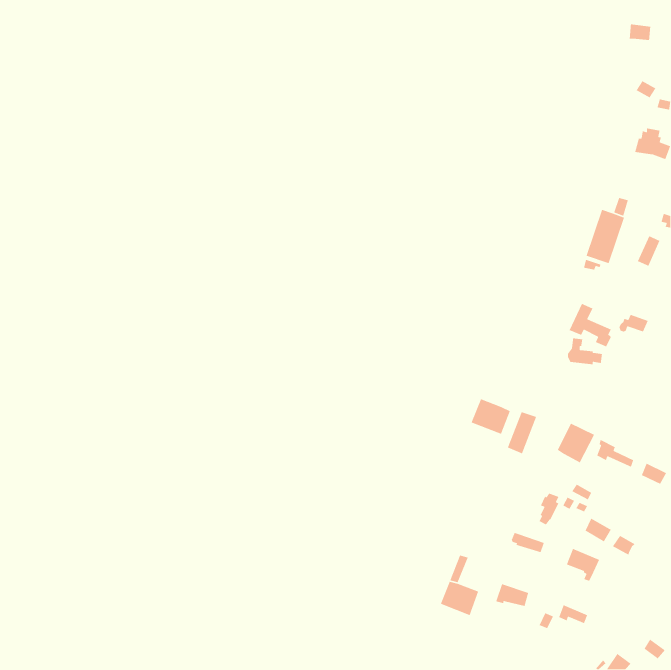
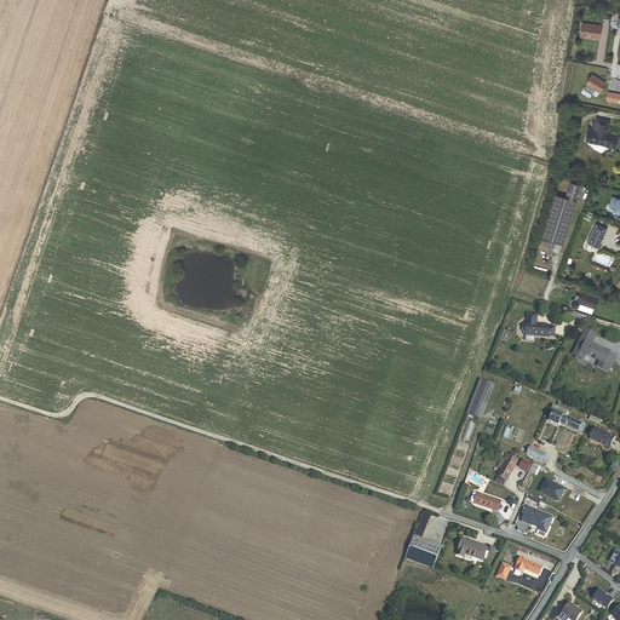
building: [568,303,612,348] -> [573,328,613,369]
building: [470,398,511,435] -> none
building: [557,422,595,463] -> none

